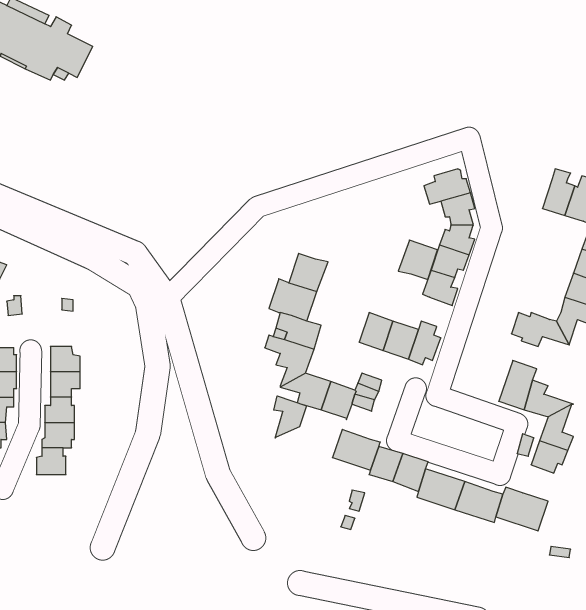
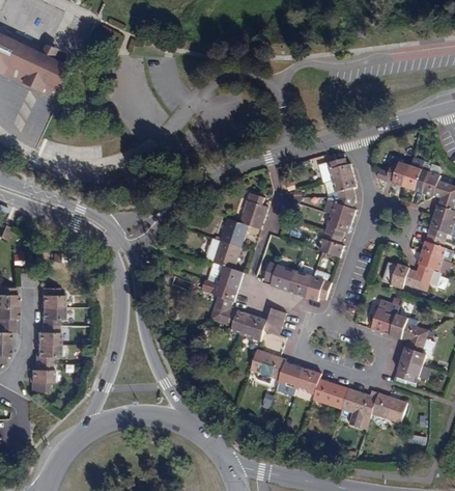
building: none -> [378,156,413,187]
building: [398,240,438,280] -> [238,201,267,230]
building: [274,396,306,438] -> none

